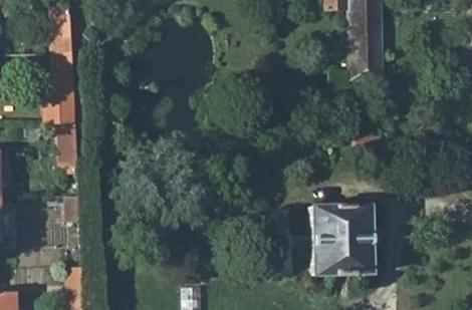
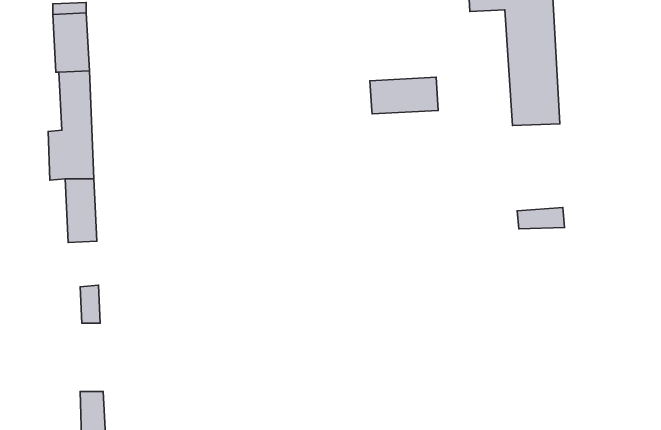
building: none -> [370,77,438,114]
building: [310,207,371,279] -> none

